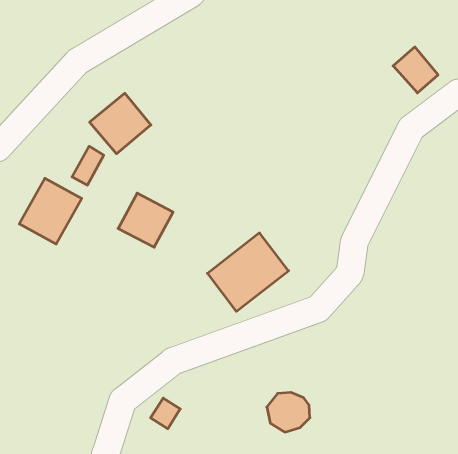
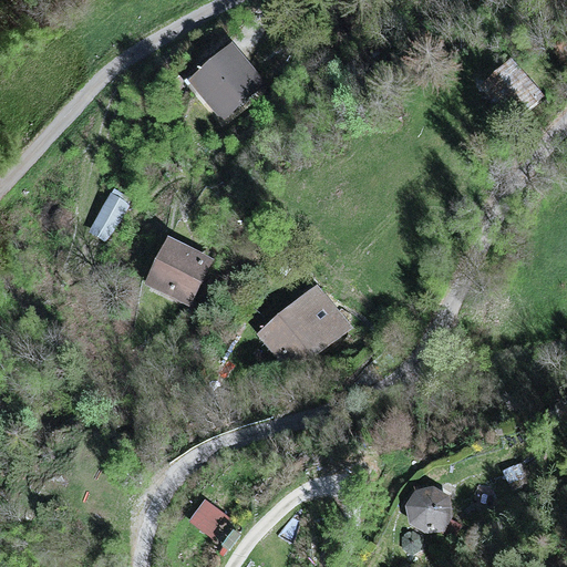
building: [90,93,151,154] -> [188,40,264,114]
building: [19,178,82,244] -> none
building: [267,392,310,432] -> [403,488,456,537]

